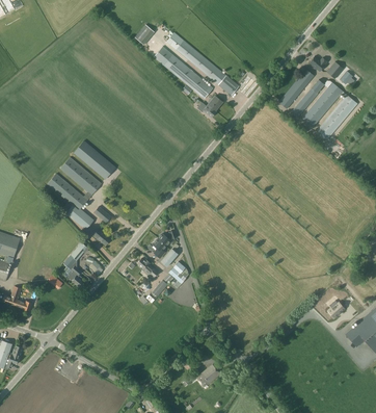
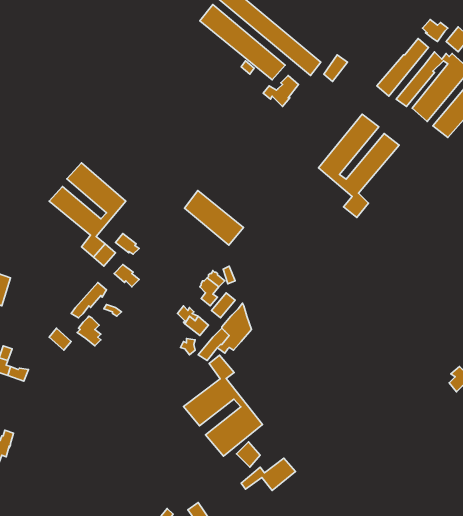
building: none -> [319,114,399,217]
building: [74,140,115,179] -> [185,191,244,245]
building: none -> [183,355,262,456]

